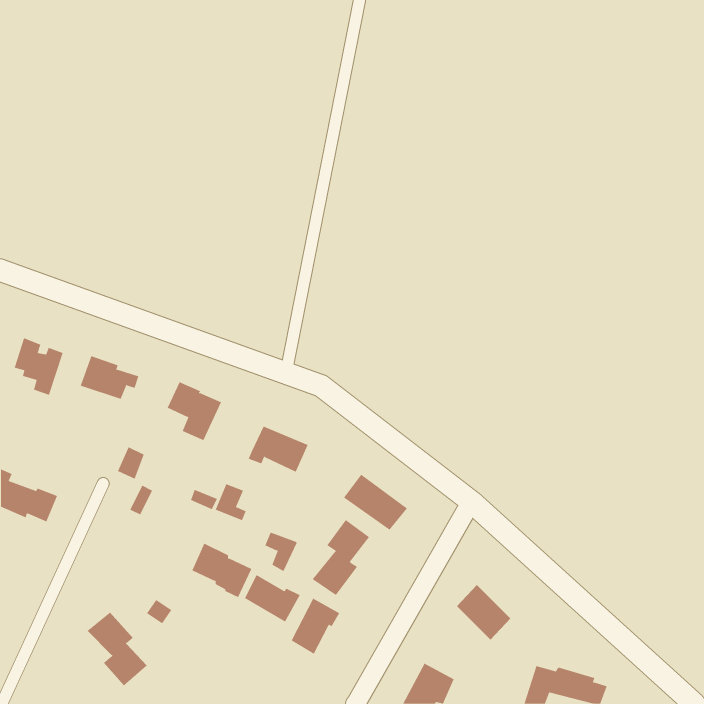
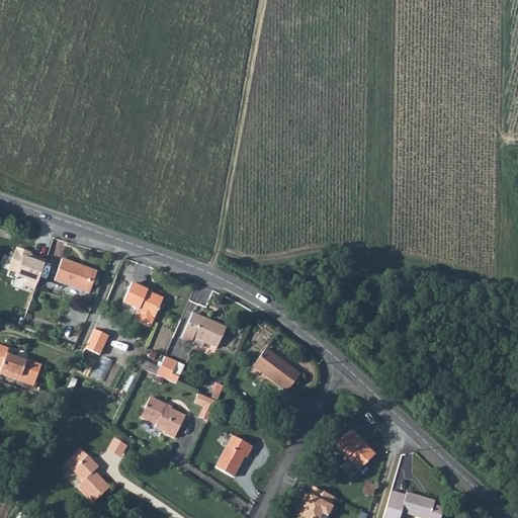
building: [312,519,370,596] -> none
building: [244,574,300,622] -> none

